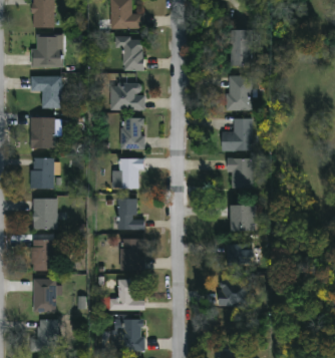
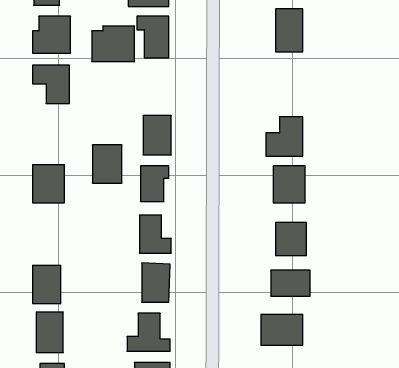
building: [227,76,252,109] -> none
building: [109,80,144,109] -> [92,26,135,62]
building: [30,117,54,148] -> [92,145,122,183]
building: [32,199,56,229] -> none

